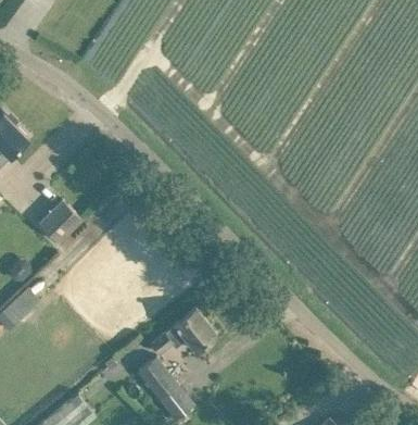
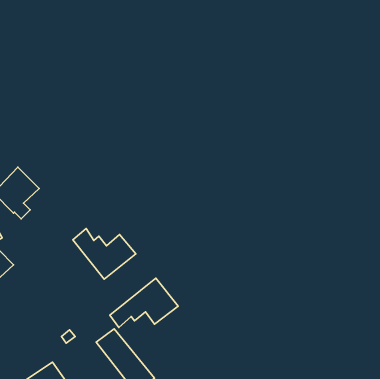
building: none -> [73,229,136,279]

